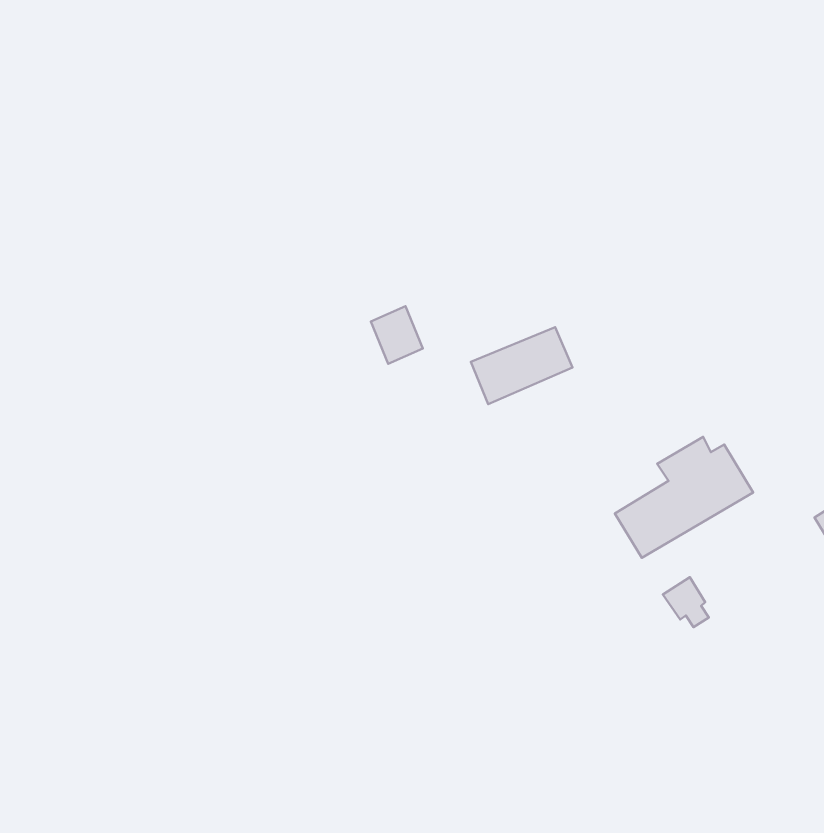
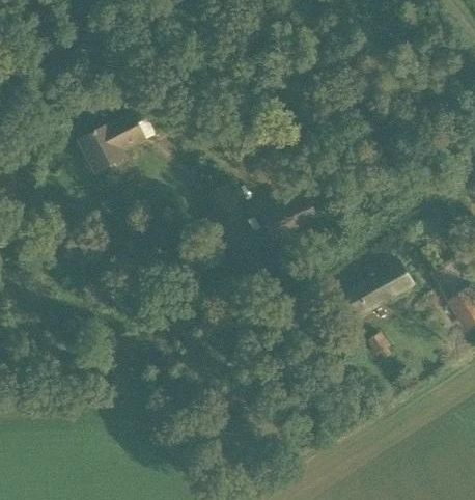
building: none -> [79,113,155,174]

